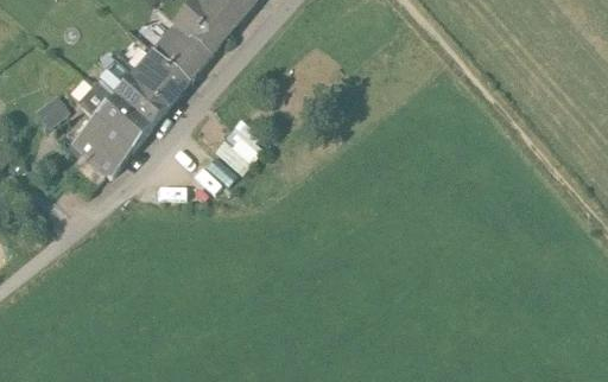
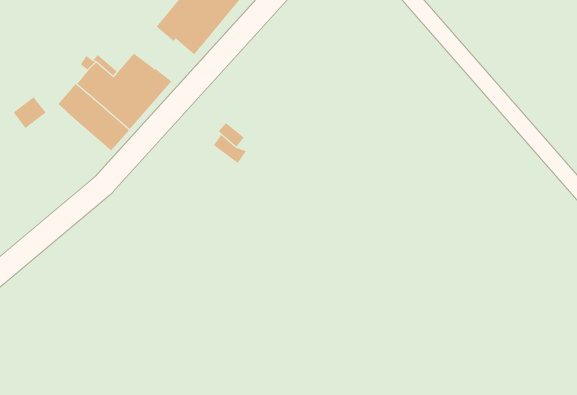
building: [151,28,209,81] -> none
building: [69,116,129,174] -> none

